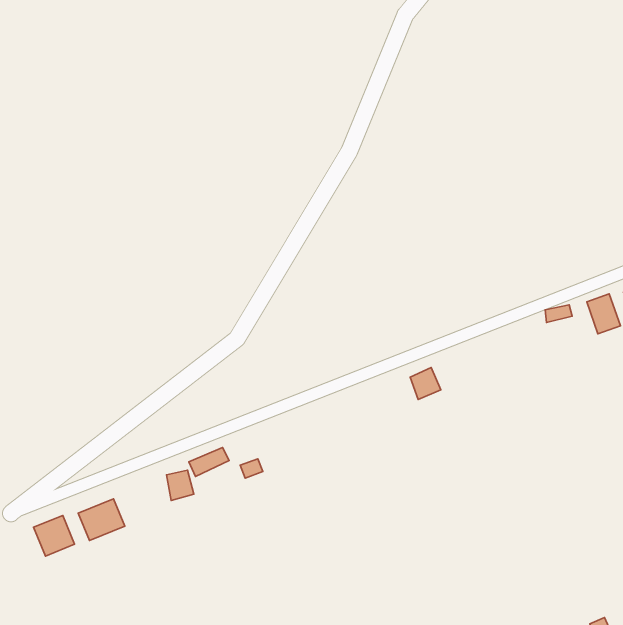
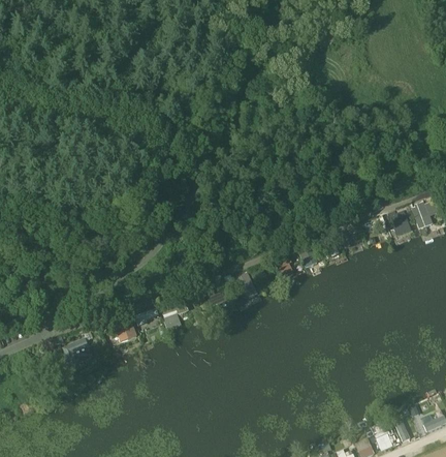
building: [34,515,75,556] -> none

